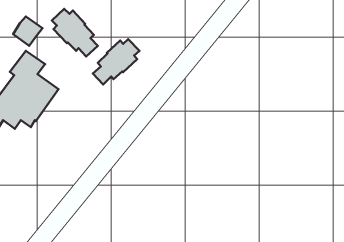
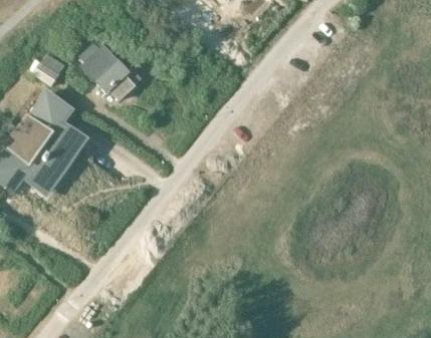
building: [93,39,140,84] -> none

